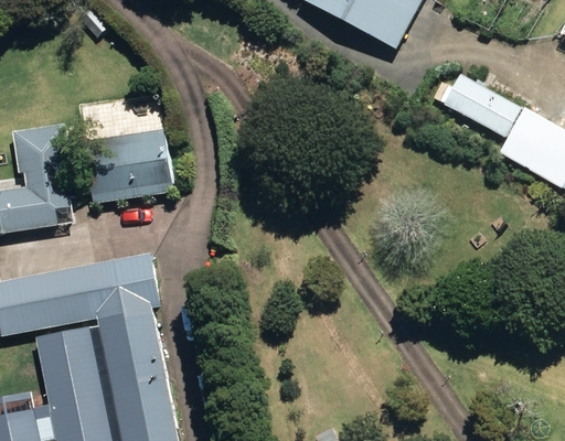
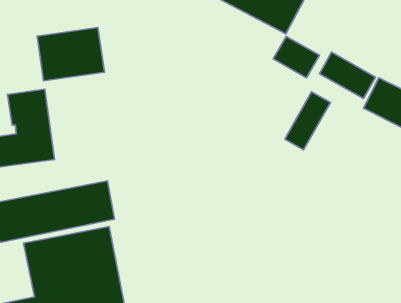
building: none -> [273,36,320,78]
building: none -> [285,92,330,150]
building: [81,130,173,204] -> [37,27,104,81]

